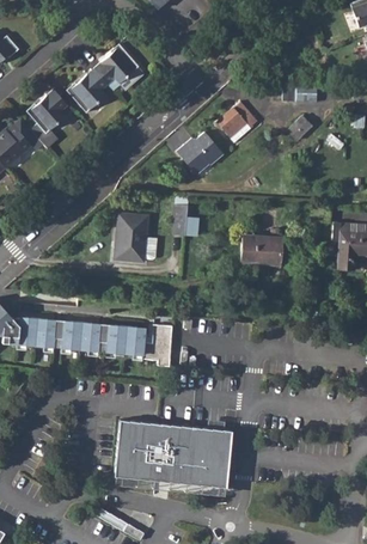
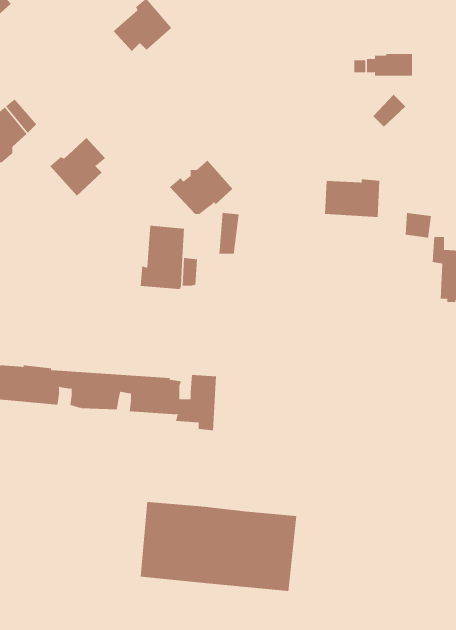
building: [67,69,109,114] -> none
building: [26,90,68,134] -> [50,137,106,197]
building: [218,102,258,143] -> none
building: [176,133,224,173] -> [169,160,233,214]
building: [241,237,283,265] -> [324,179,380,217]

